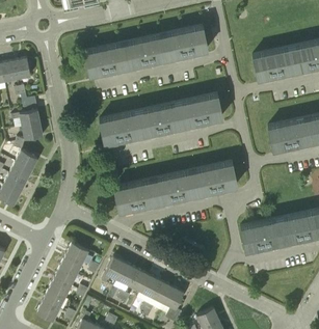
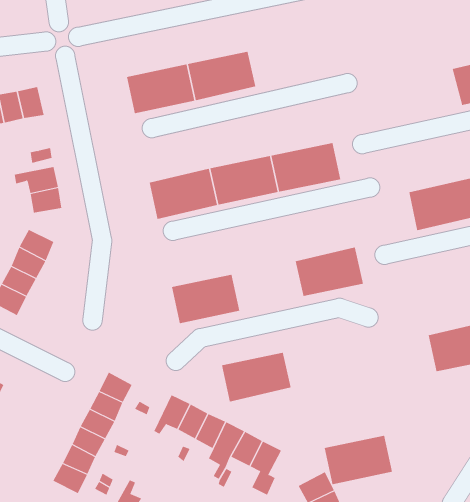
building: [163,25,208,57] -> none
building: [251,46,301,79] -> none
building: [153,170,198,202] -> [221,352,292,402]
building: [240,218,285,250] -> [324,435,393,485]

